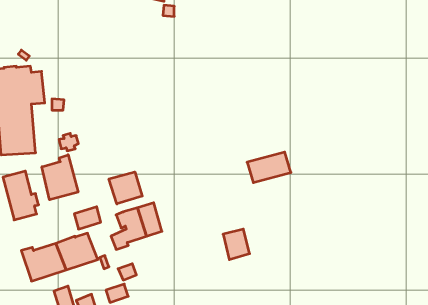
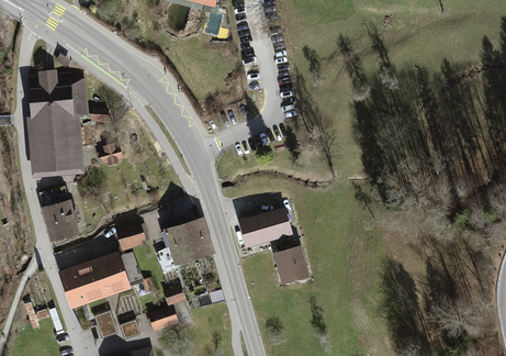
building: [247,152,291,183] -> [241,213,289,246]
building: [42,155,78,200] -> none
building: [109,172,142,204] -> none

